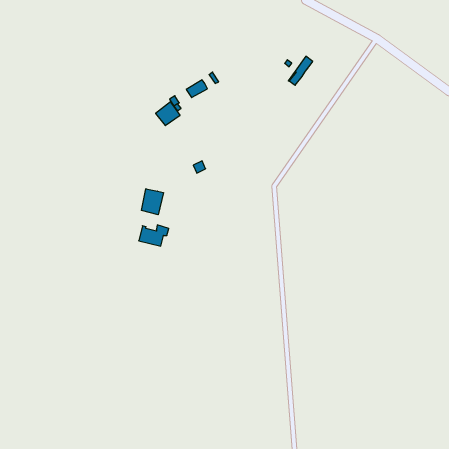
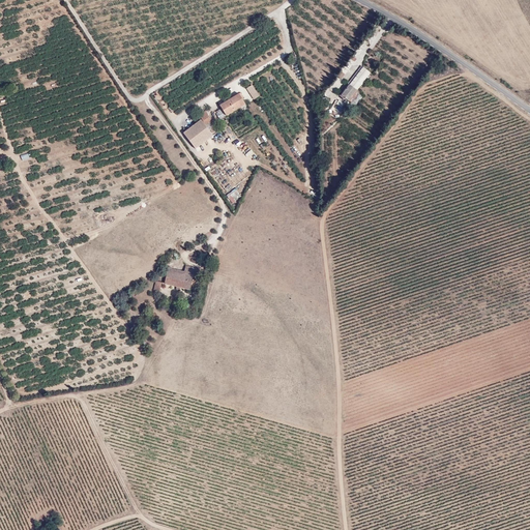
building: [142,189,163,215] -> none

